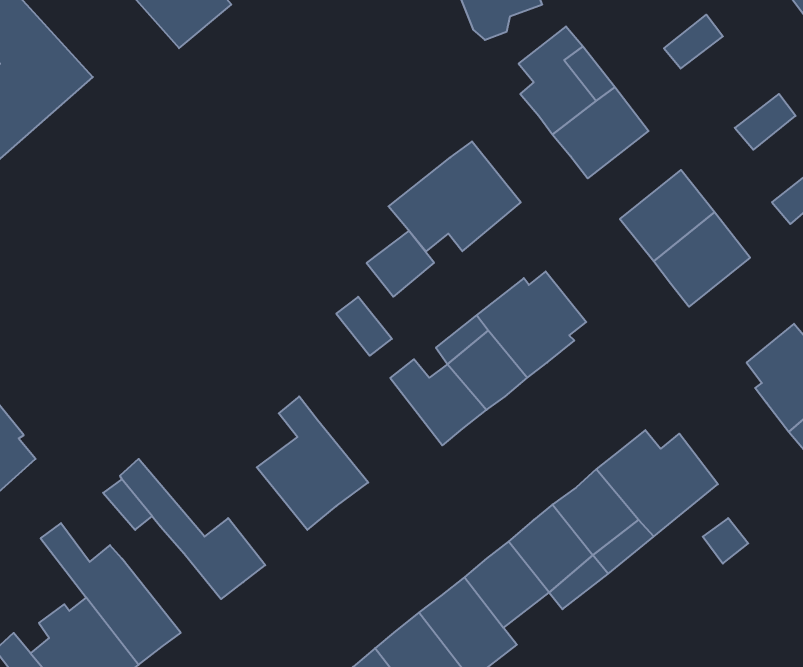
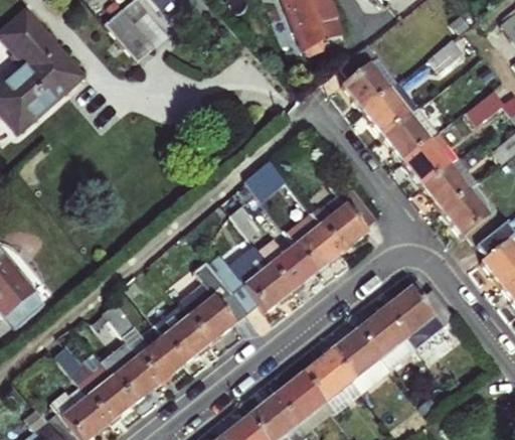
building: none -> [376,106,432,158]
building: [388,141,521,252] -> none
building: none -> [437,181,499,244]
building: none -> [215,247,290,315]
building: none -> [154,306,209,364]
building: none -> [99,341,158,405]

